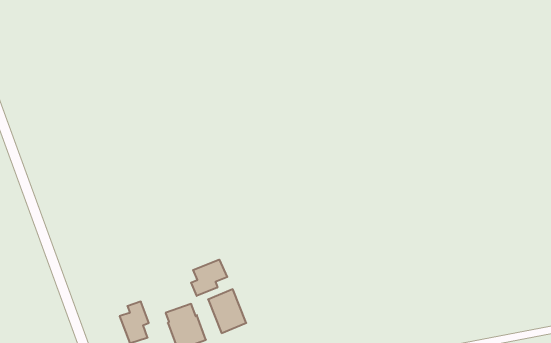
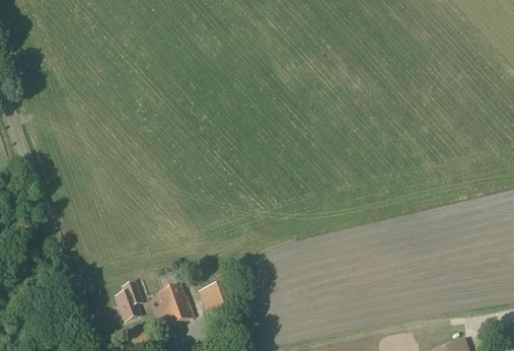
building: [191,260,227,296] -> none

